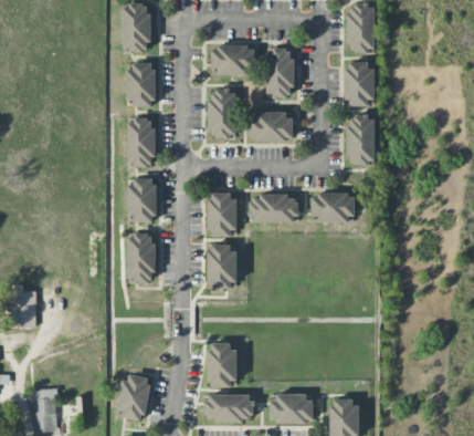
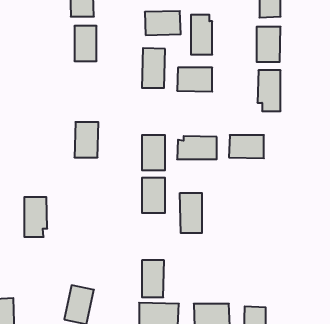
building: [126,118,154,167] -> none
building: [127,235,155,282] -> [24,197,47,237]
building: none -> [180,193,202,233]

